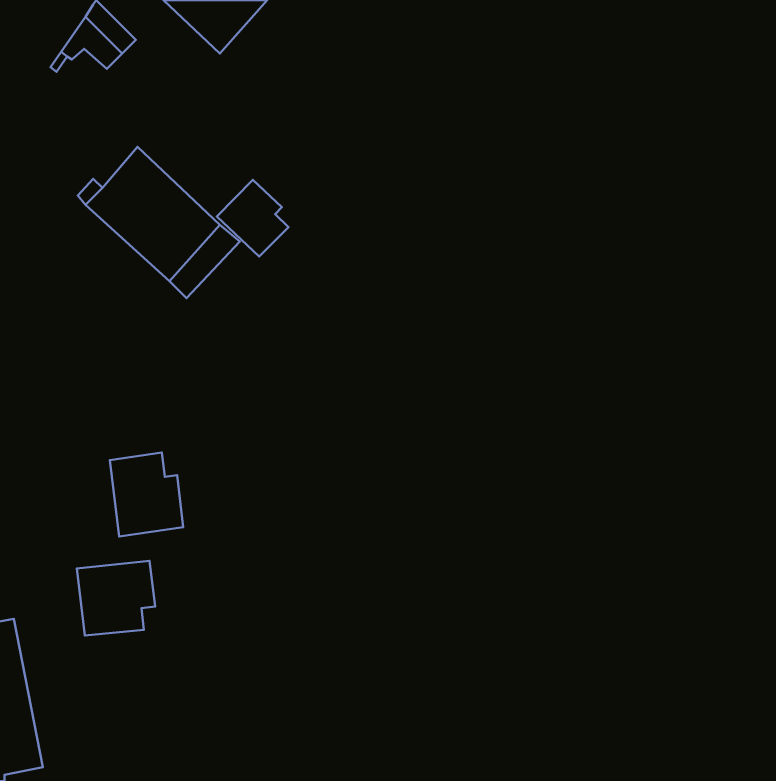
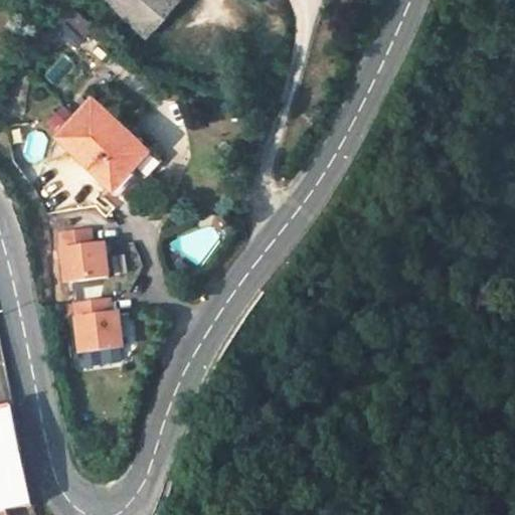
building: [217,180,289,257] -> none
building: none -> [56,229,106,282]
building: [77,561,155,636] -> none

